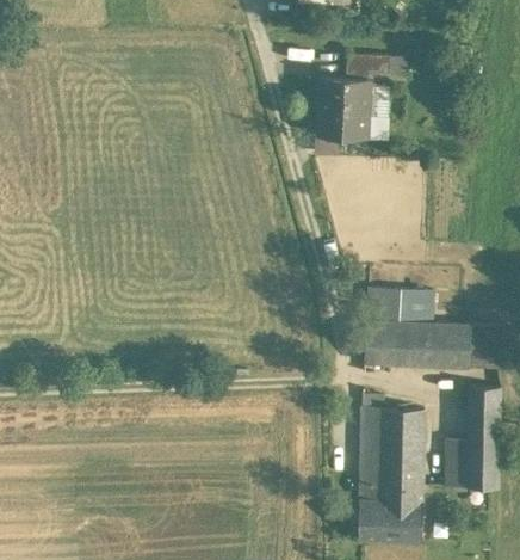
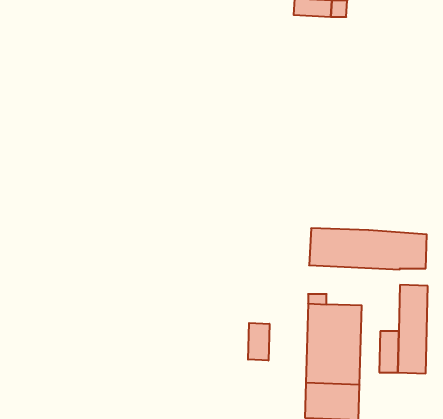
building: [318,78,369,137] -> none
building: [366,288,434,322] -> none
building: none -> [248,323,269,361]

